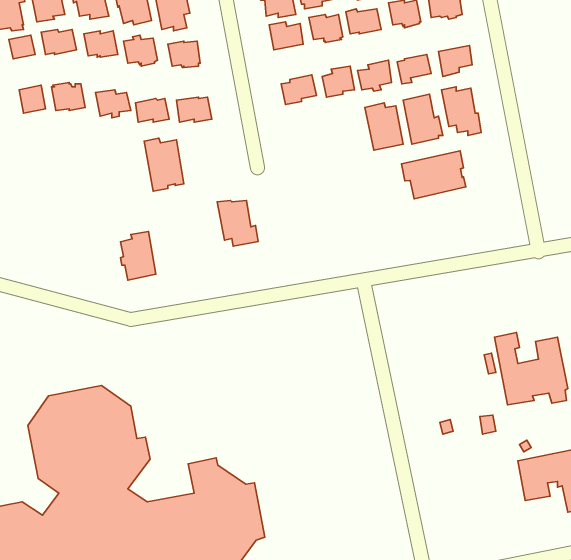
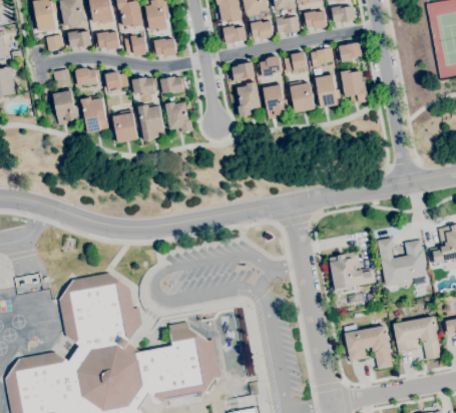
building: none -> [237,81,262,117]
building: none -> [263,84,290,118]
building: none -> [53,89,77,124]
building: none -> [80,97,109,133]
building: [401,151,466,199] -> none
building: [217,200,258,246] -> [165,102,193,133]
building: [121,231,156,280] -> [113,109,137,142]
building: none -> [329,252,376,292]
building: none -> [344,325,392,369]

